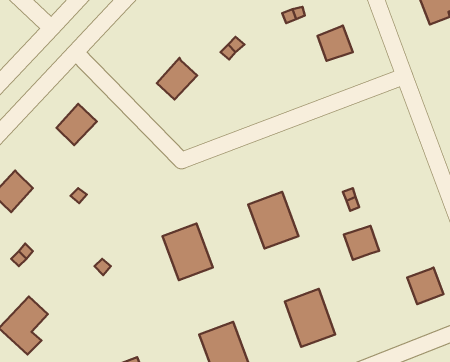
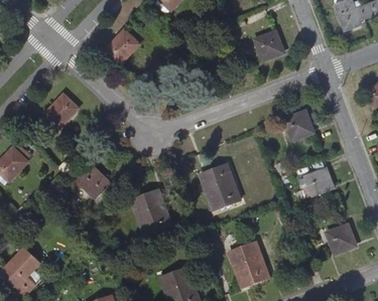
building: [157,58,197,99] -> [107,29,139,62]
building: none -> [285,111,312,140]
building: none -> [78,164,110,196]
building: [344,226,379,260] -> [305,168,334,195]

